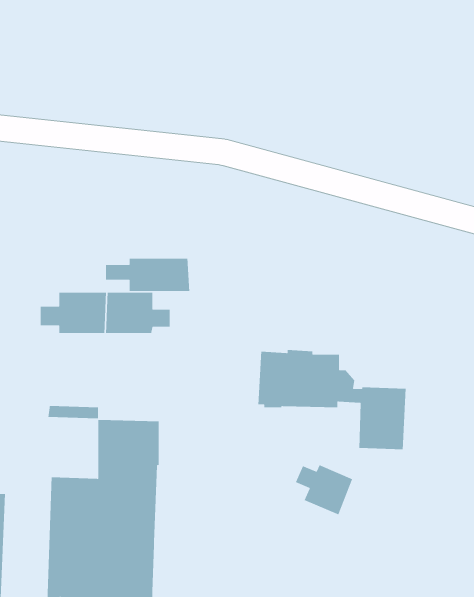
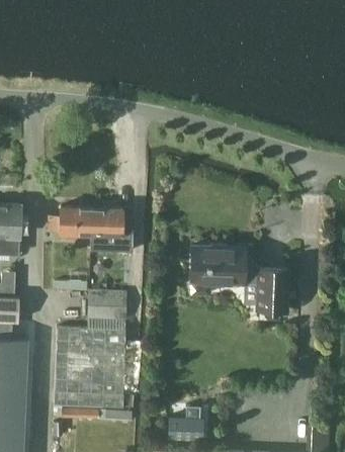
building: [105,258,190,292] -> none
building: [295,464,353,516] -> none

